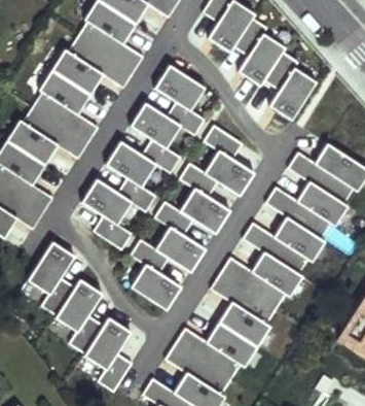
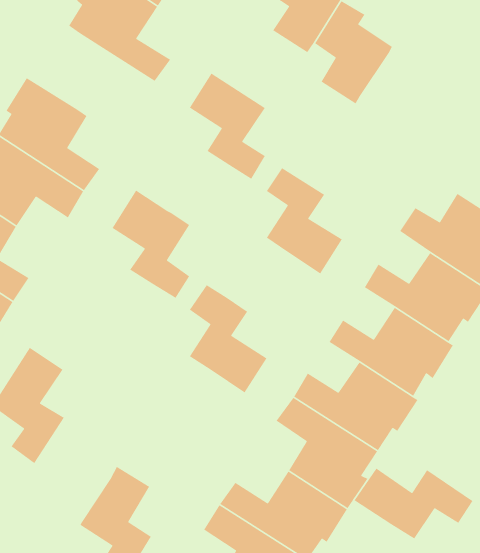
building: [51,35,134,93] -> none
building: [265,53,316,120] -> none
building: [132,102,181,172] -> none
building: [180,163,230,233] -> none
building: [81,178,132,249] -> none
building: [131,239,181,309] -> none
building: [56,279,105,353] -> none
building: none -> [354,468,473,540]

